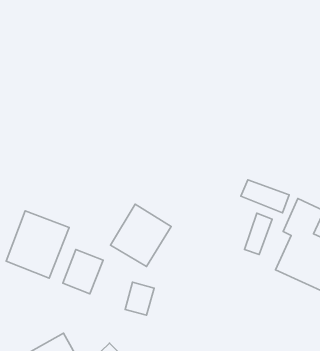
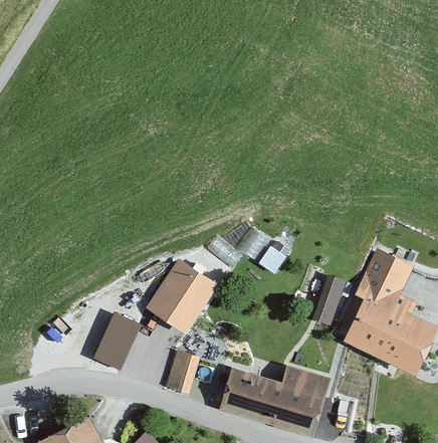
building: [241,180,289,213] -> none
building: [6,211,69,278] -> none
building: none -> [221,367,335,432]

